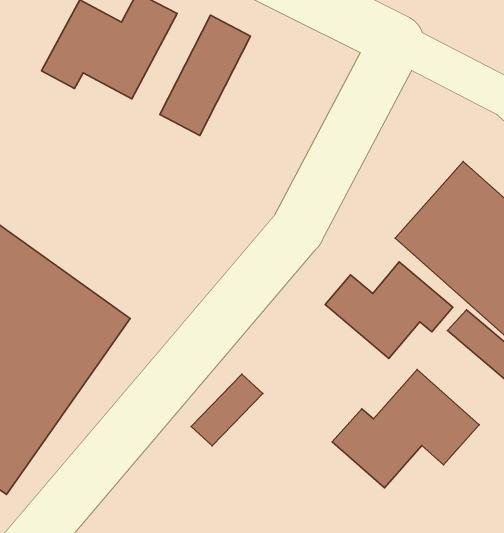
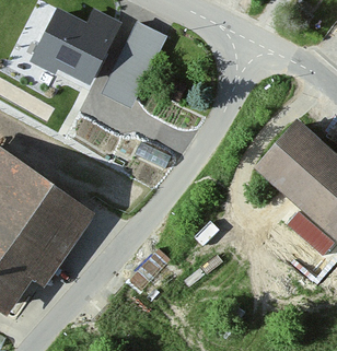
building: [325,262,453,359] -> none
building: [332,370,479,488] -> none

